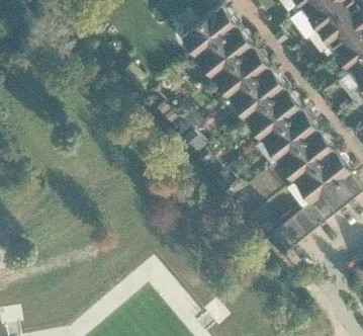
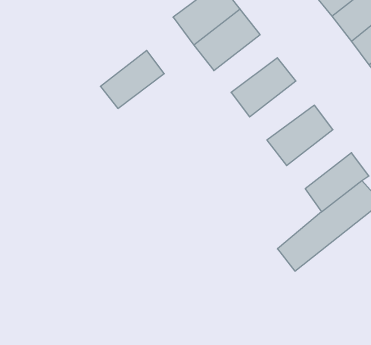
building: [213,45,269,95] -> [100,50,164,108]
building: [245,85,301,137] -> none
building: [277,128,334,179] -> none

